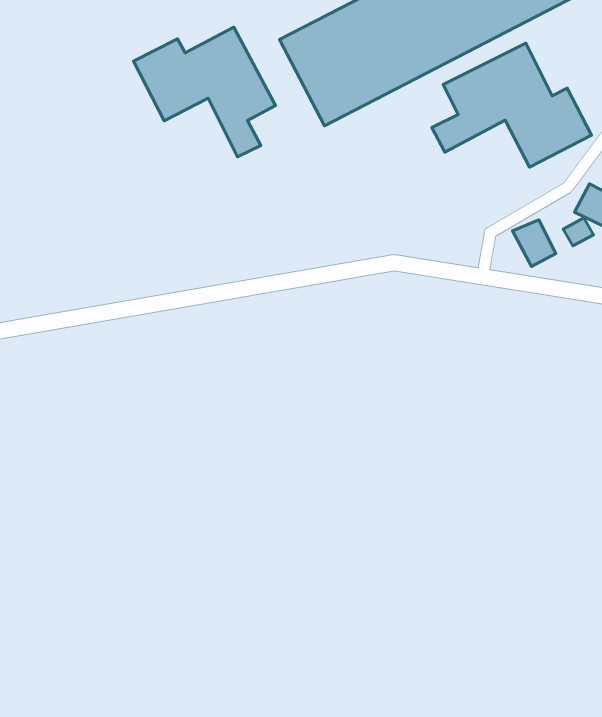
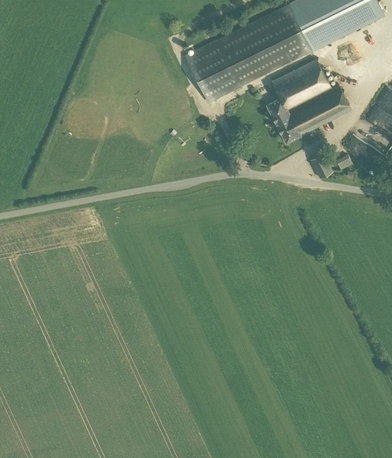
building: [133,27,275,157] -> none
building: none -> [273,100,318,142]

